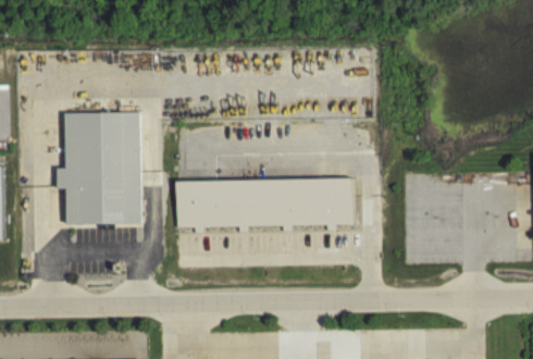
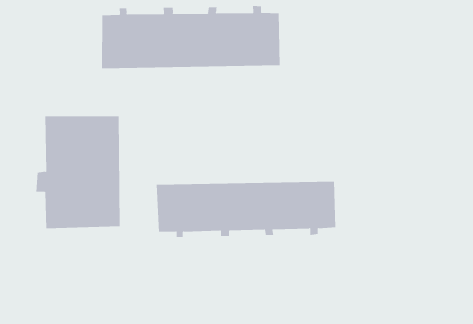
building: none -> [101,5,280,69]

